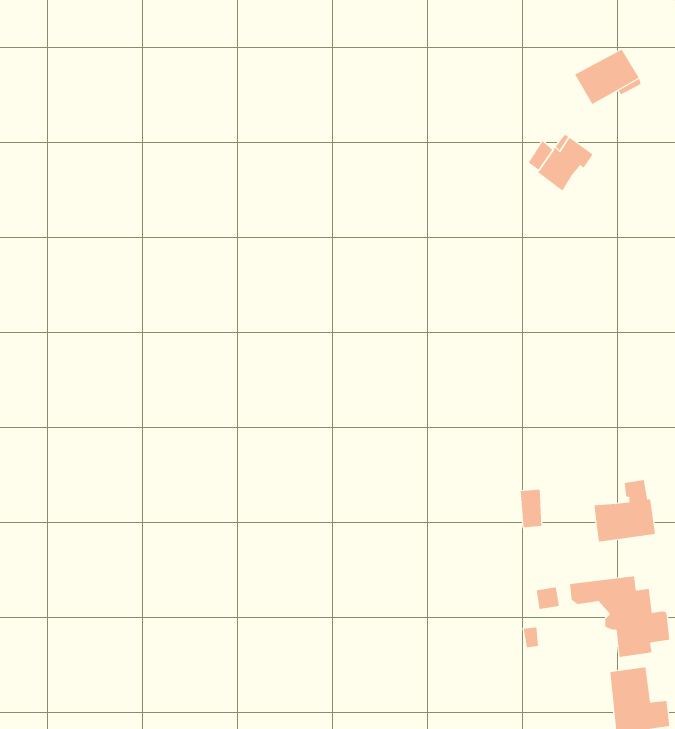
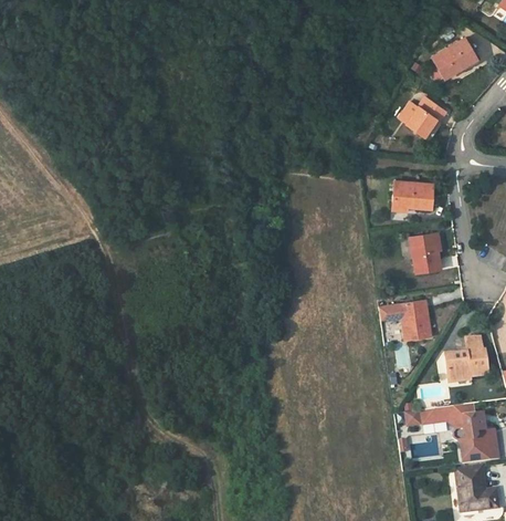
building: none -> [392,181,433,209]
building: none -> [411,235,441,273]
building: none -> [380,301,432,342]

